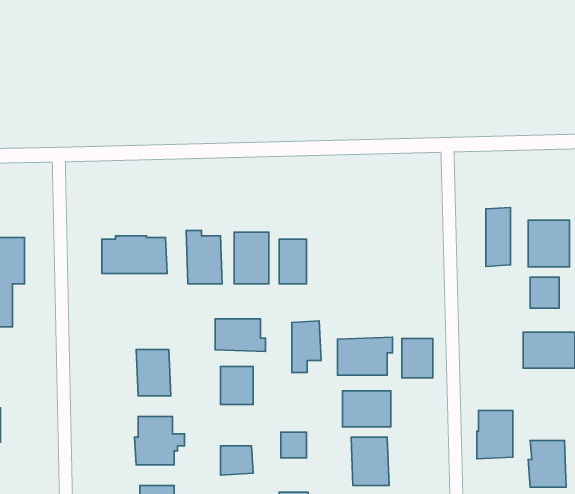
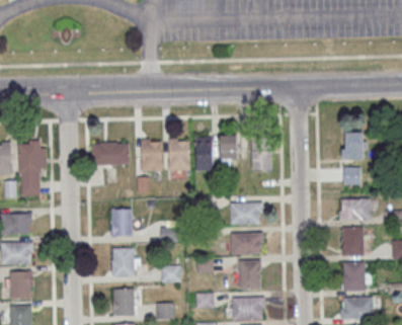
building: [486,207,510,266] -> none
building: [215,319,265,351] -> none
building: [292,321,321,372] -> [220,135,237,165]
building: [402,338,433,378] -> [252,146,270,169]
building: [477,411,513,459] -> [342,227,364,255]

